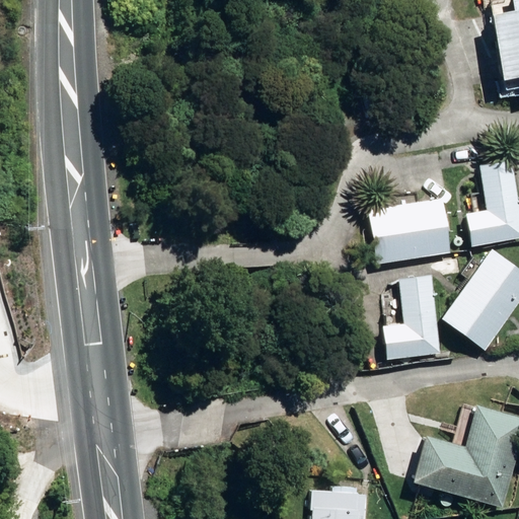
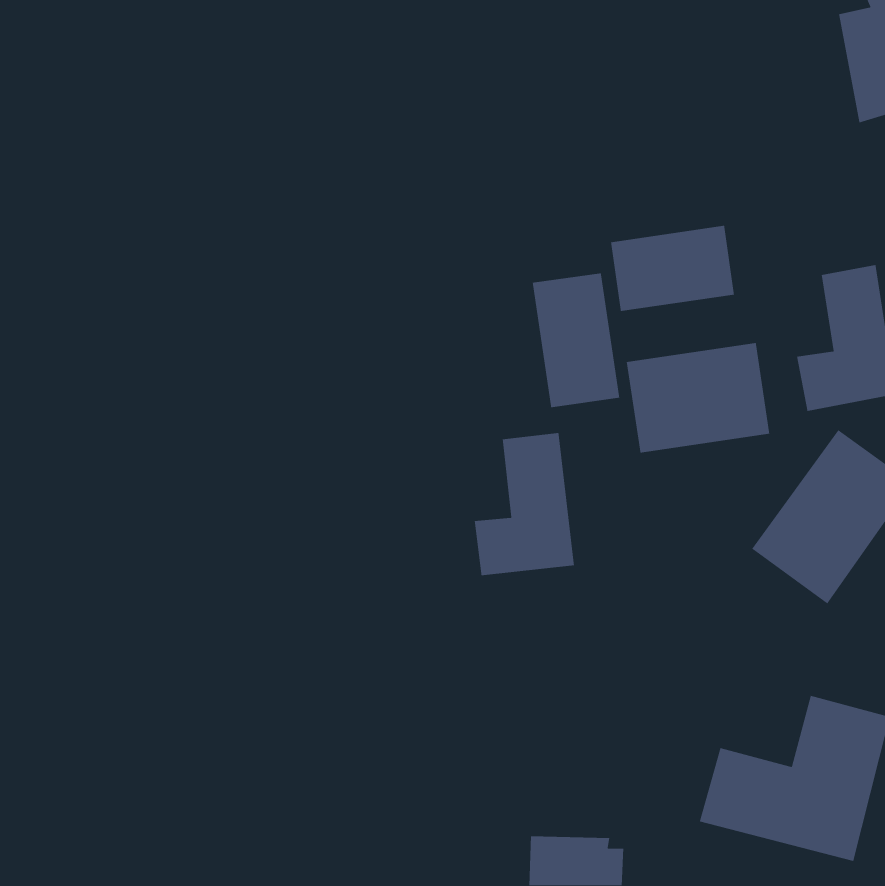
building: none -> [610,225,735,312]
building: none -> [532,272,620,408]
building: [382,276,441,360] -> [474,432,575,576]

